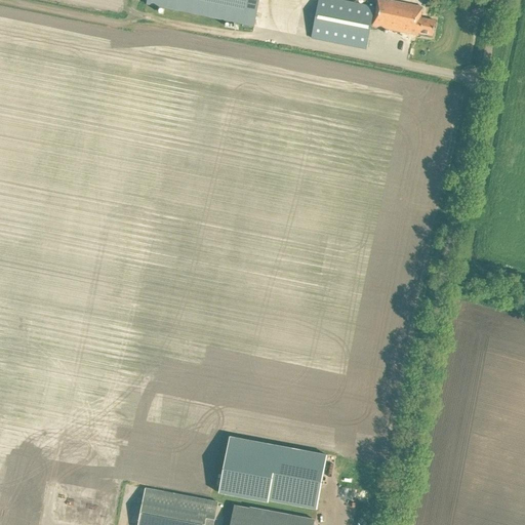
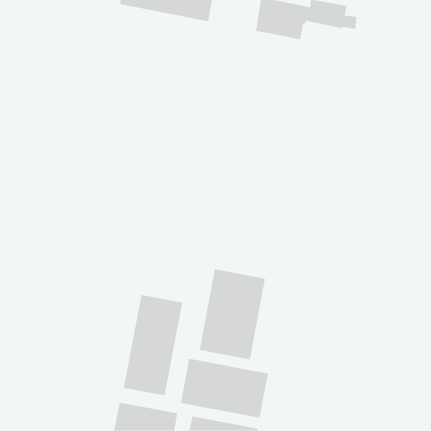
building: none -> [199,269,266,360]
building: none -> [123,294,183,396]

